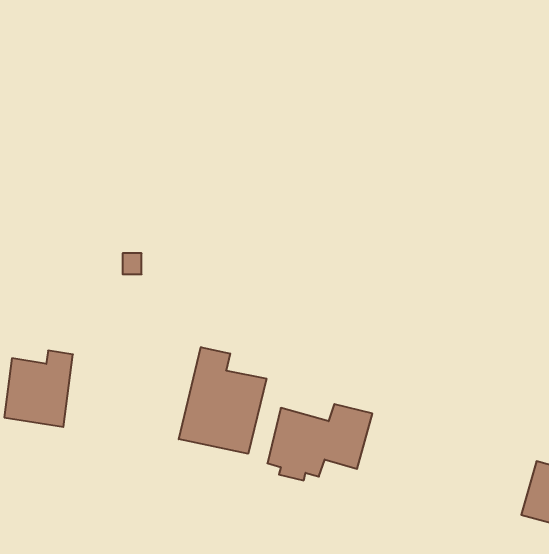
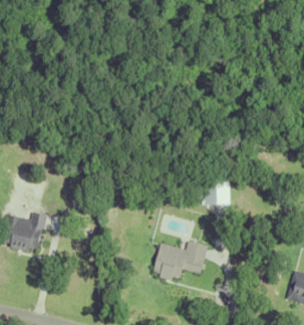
building: none -> [203,181,227,204]
building: [179,347,266,454] -> none

